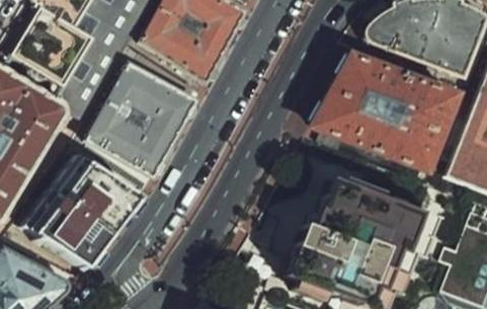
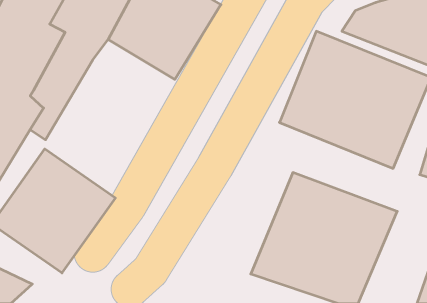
building: [78,62,194,181] -> none

